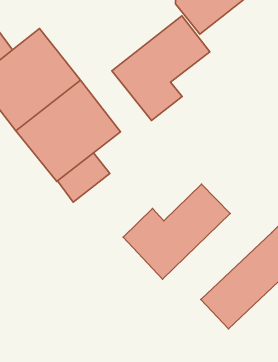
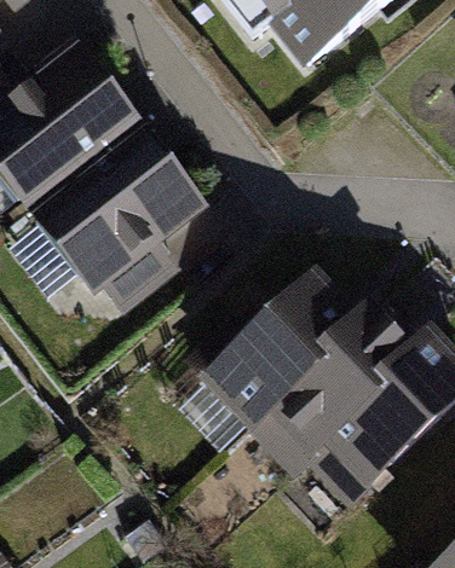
building: [112,16,210,120] -> none
building: none -> [254,313,416,470]

